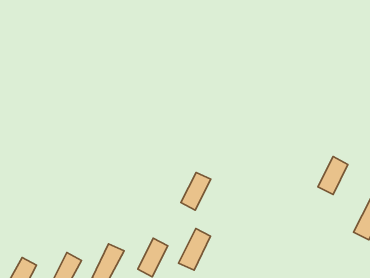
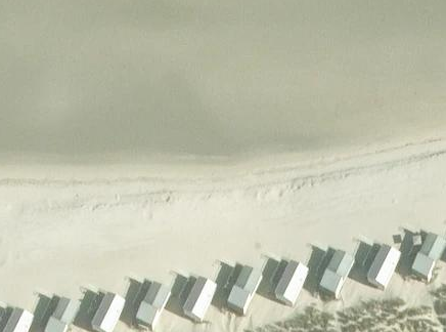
building: [318,157,348,195] -> [365,244,397,284]
building: [181,172,211,210] -> [273,260,305,300]
building: none -> [316,250,350,294]

